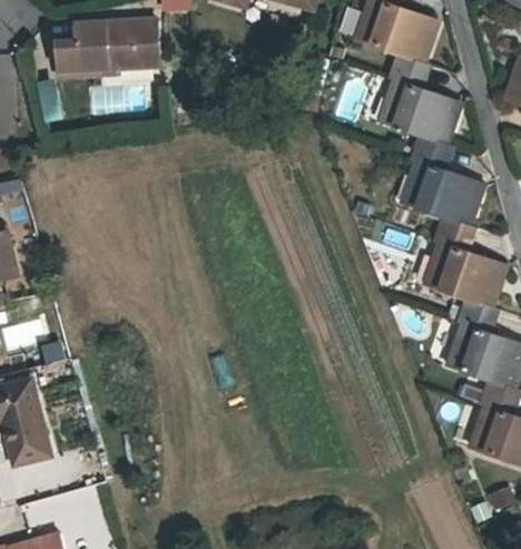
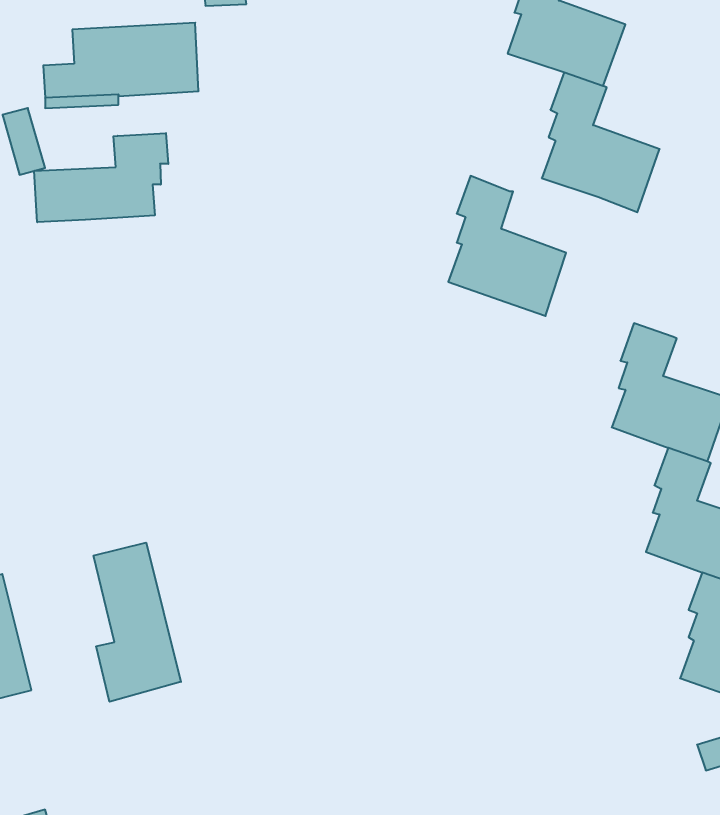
building: none -> [34,133,168,222]
building: [406,134,483,225] -> [448,176,566,316]
building: none -> [94,543,181,702]

